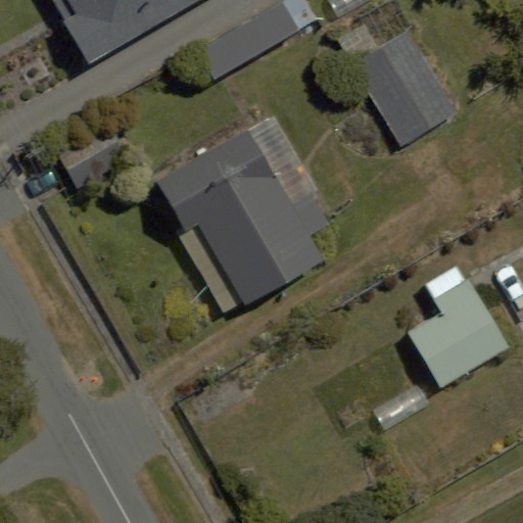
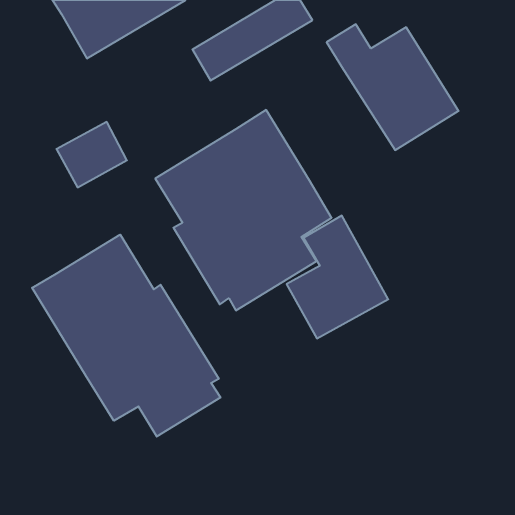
building: none -> [32,235,220,437]
building: [402,266,506,390] -> [287,216,388,338]

